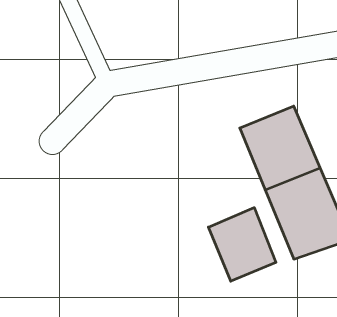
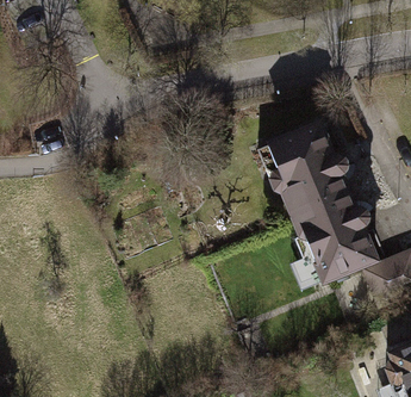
building: [208,208,276,281] -> none

